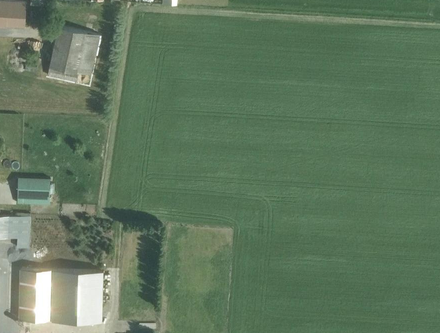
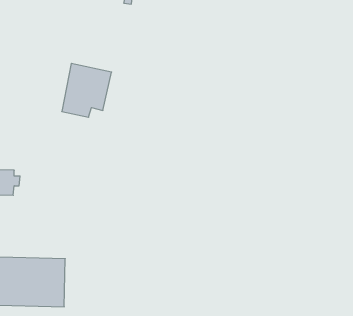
building: [47,27,99,83] -> [62,63,112,117]

